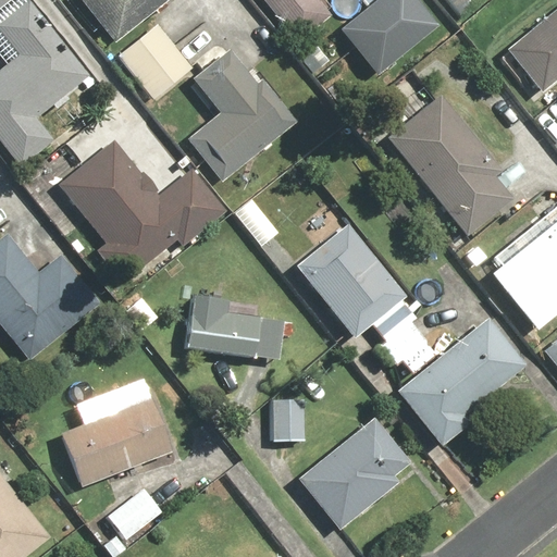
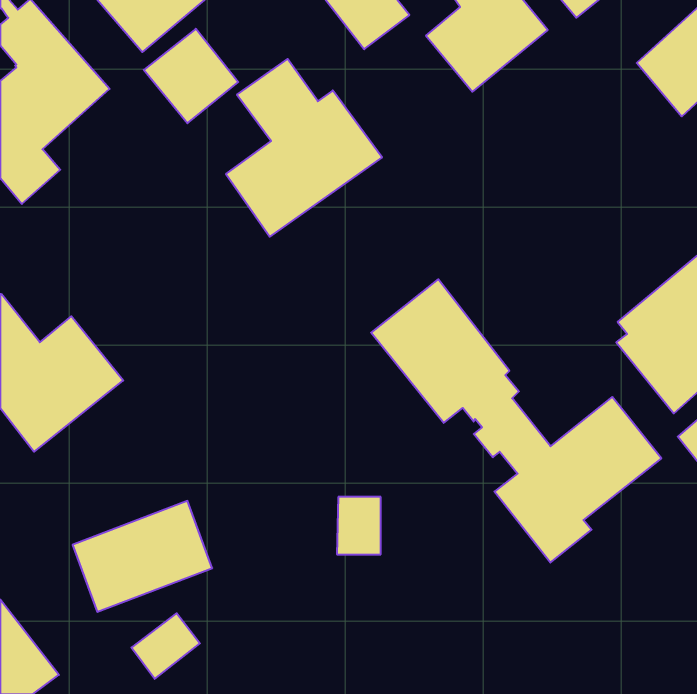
building: [387,91,516,236] -> none
building: [58,136,227,278] -> none
building: [185,294,261,356] -> none
building: [297,417,408,530] -> none

